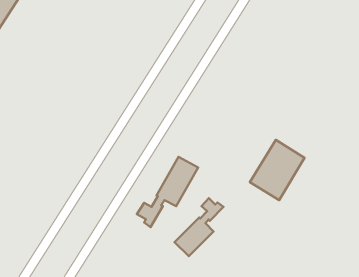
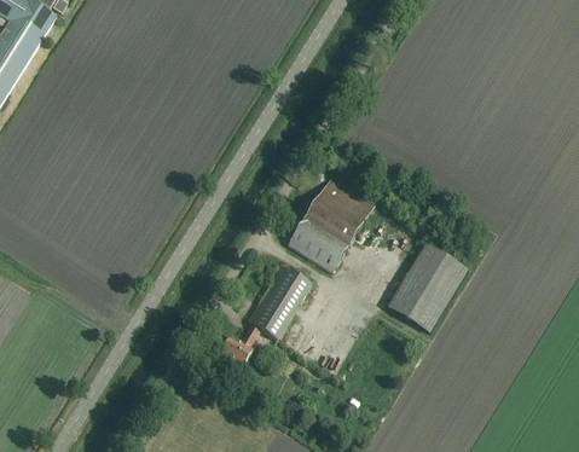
building: none -> [286,175,375,272]
building: [174,198,223,256] -> none

